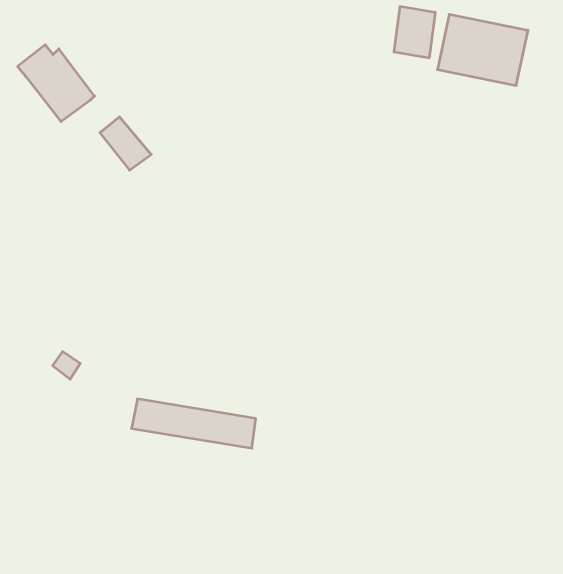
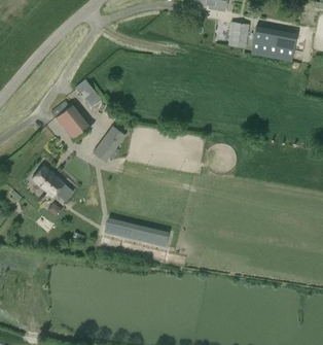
building: [18,45,95,122] -> [51,100,92,140]
building: none -> [93,125,127,163]
building: none -> [32,165,65,196]

